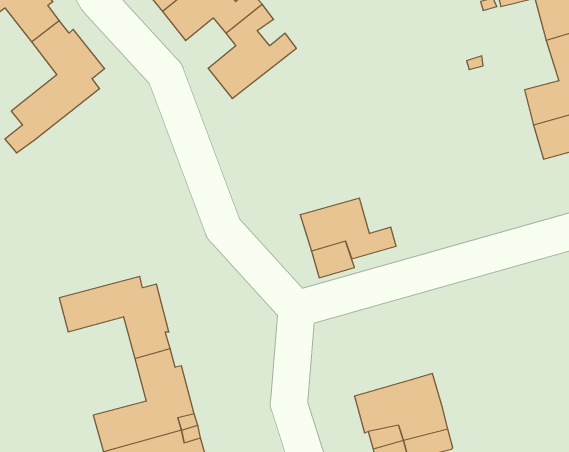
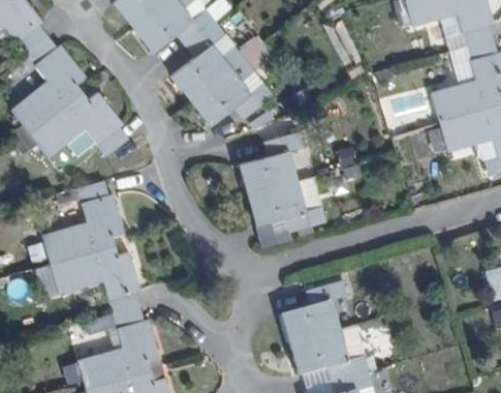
building: none -> [191,59,274,125]
building: none -> [14,91,131,157]
building: none -> [239,131,305,195]
building: none -> [41,180,124,264]
building: none -> [282,280,346,344]

